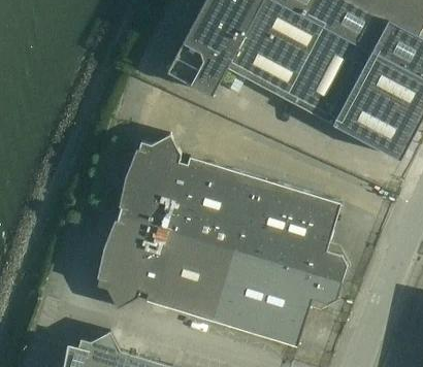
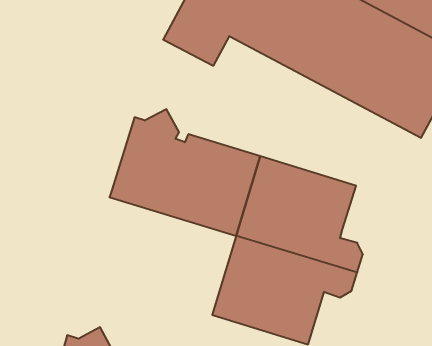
building: [96,213,232,320] -> none

